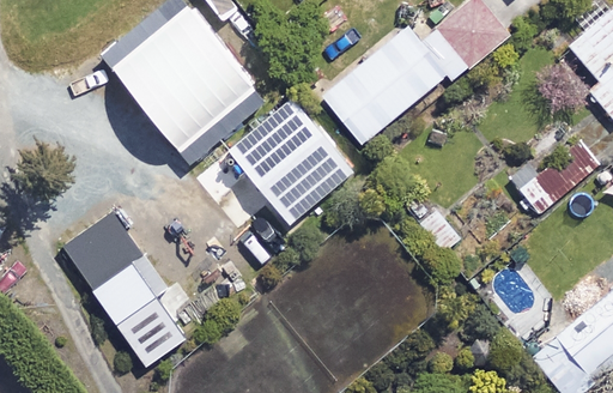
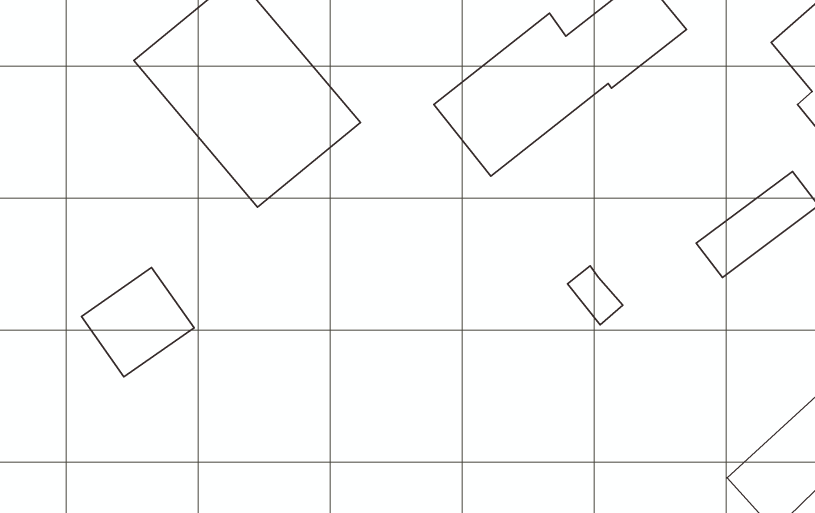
building: [231,101,353,226] -> none
building: [93,254,193,367] -> none

